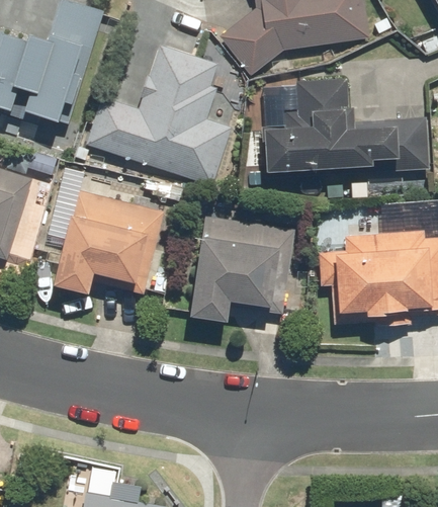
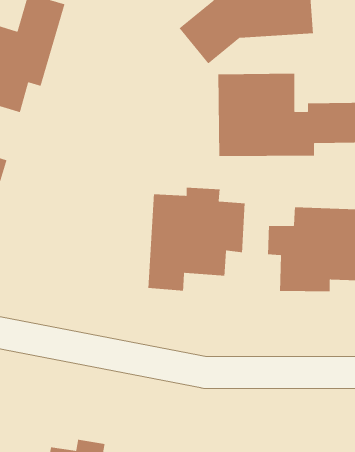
building: [87,46,237,183] -> none
building: [50,190,170,298] -> none

